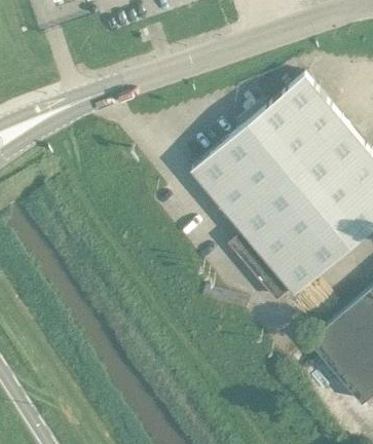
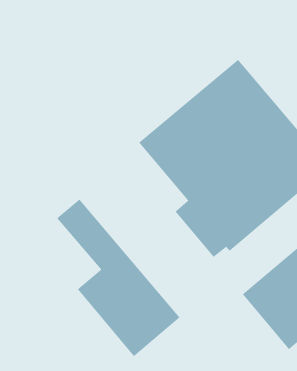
building: none -> [56,198,180,357]

